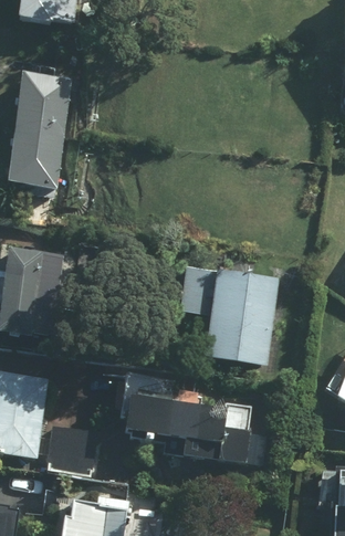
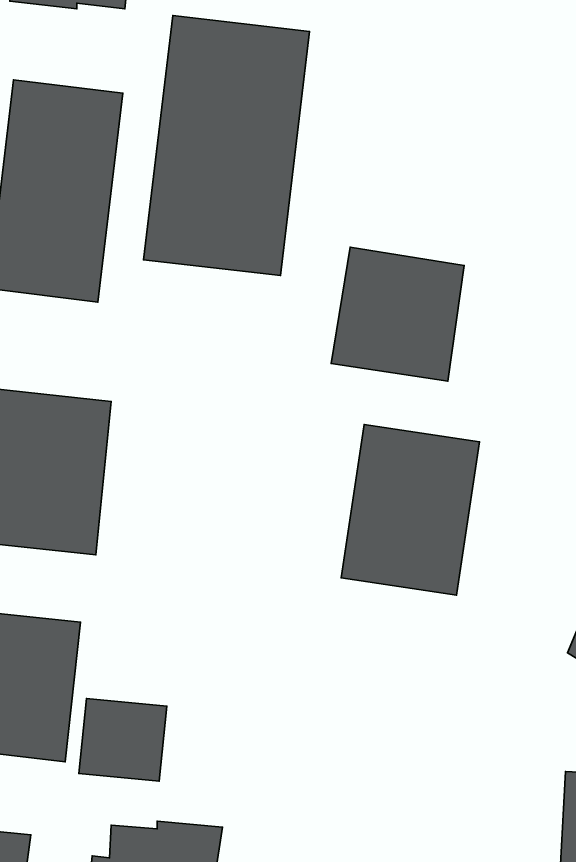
building: none -> [144,16,309,276]
building: none -> [331,247,464,381]
building: [117,400,257,464] -> none

